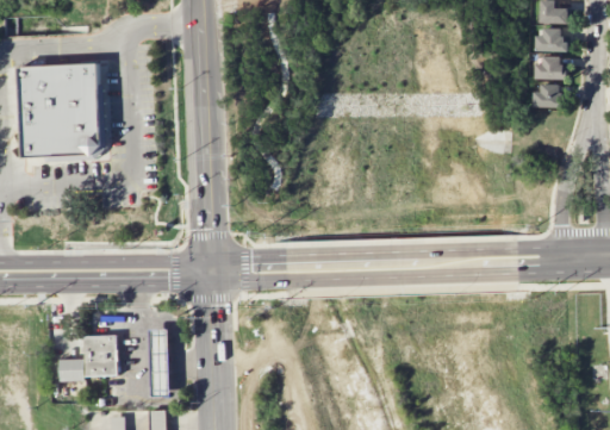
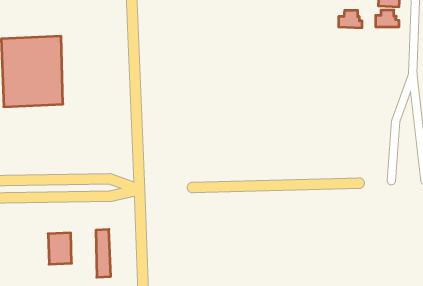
building: [533,55,565,79] -> [339,10,362,28]
building: [531,83,564,106] -> none
building: [56,356,80,379] -> none

